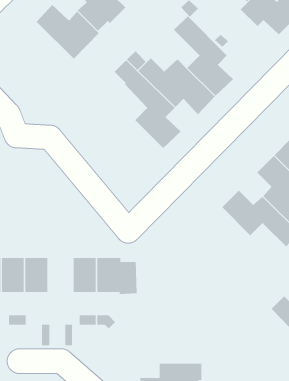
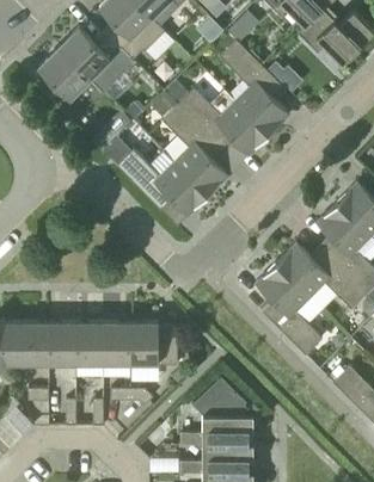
building: none -> [39,48,104,118]
building: none -> [117,149,208,216]
building: none -> [256,264,321,356]
building: none -> [74,322,103,363]
building: none -> [180,377,253,445]

